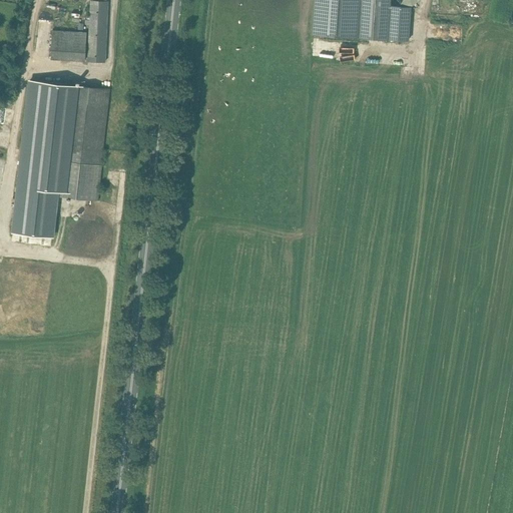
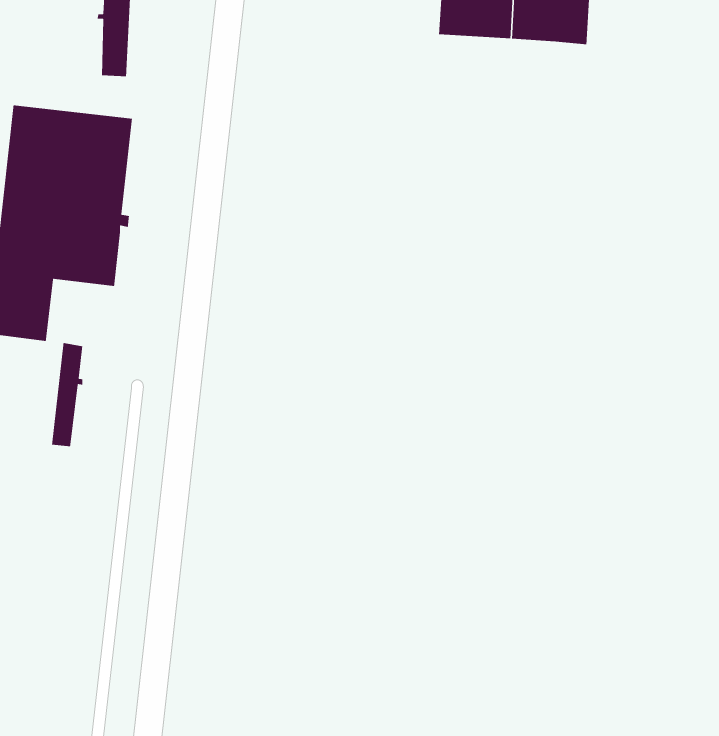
building: [50,30,85,60] -> none
building: none -> [51,342,83,447]

